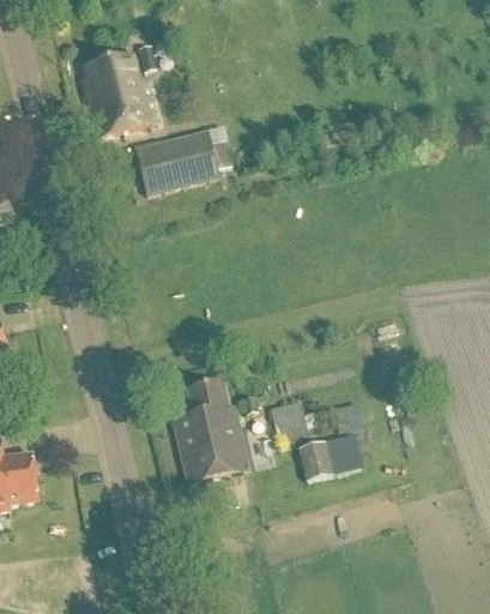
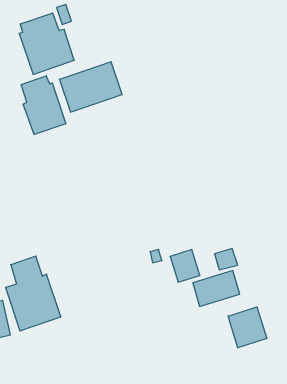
building: none -> [21,76,66,135]
building: [174,380,248,483] -> [6,256,61,331]
building: none -> [228,307,267,348]

